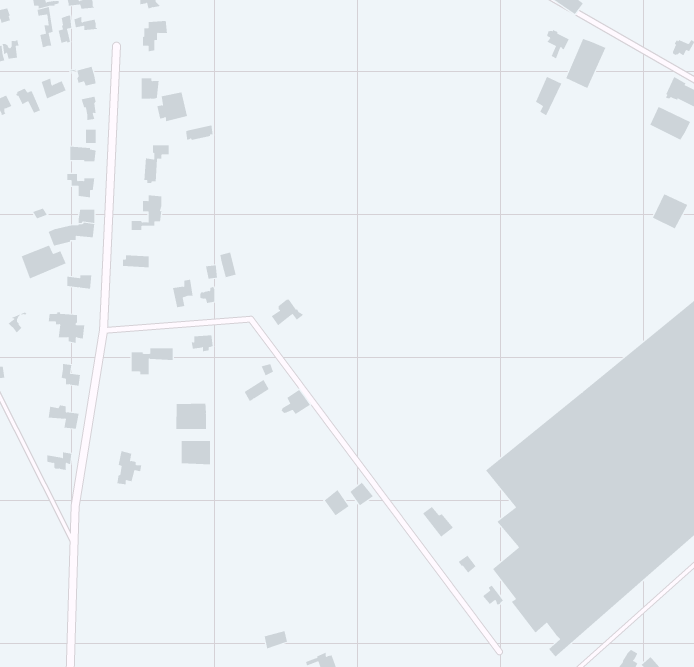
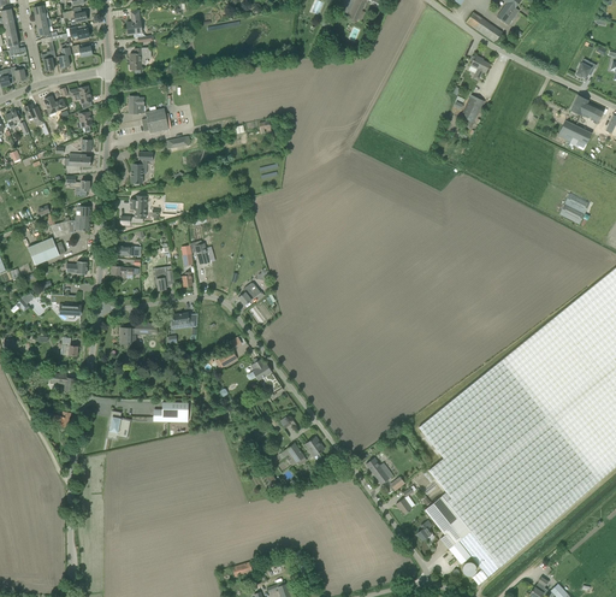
building: [566,38,606,89] -> none
building: [176,403,207,430] -> none

